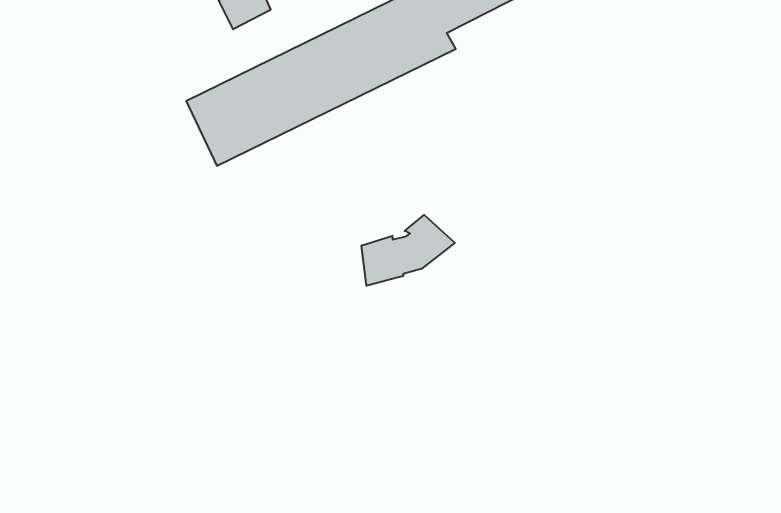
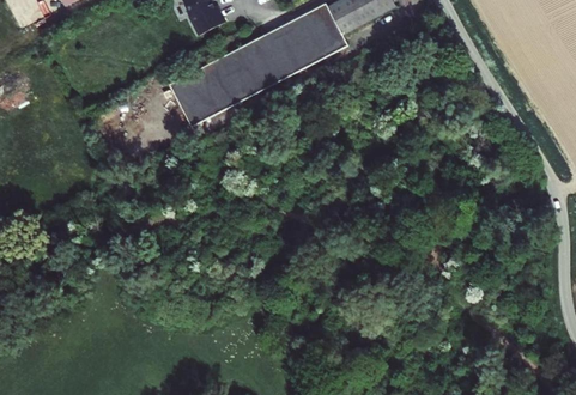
building: [362,215,455,286] -> none

